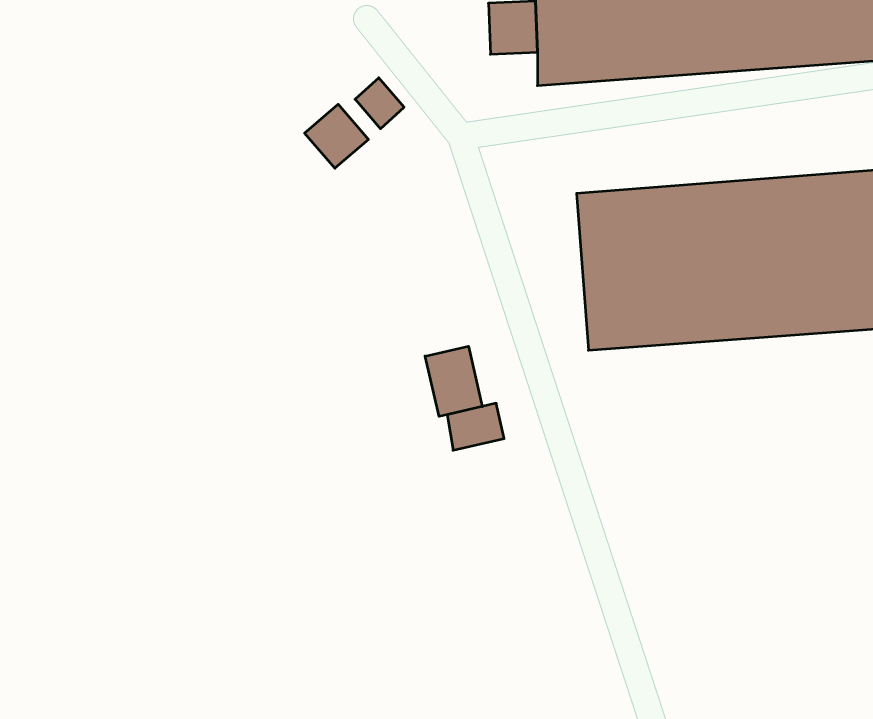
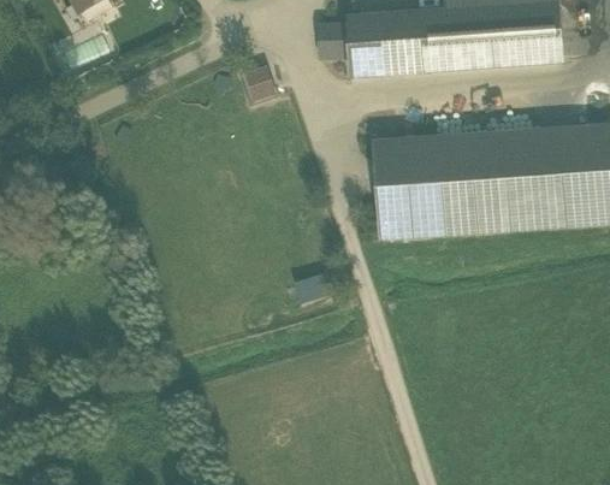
building: [305,104,368,168] -> none
building: [425,346,482,416] -> none

